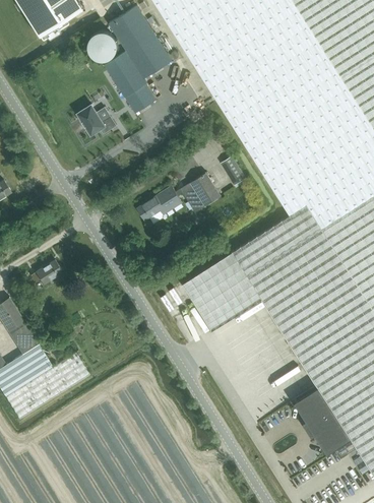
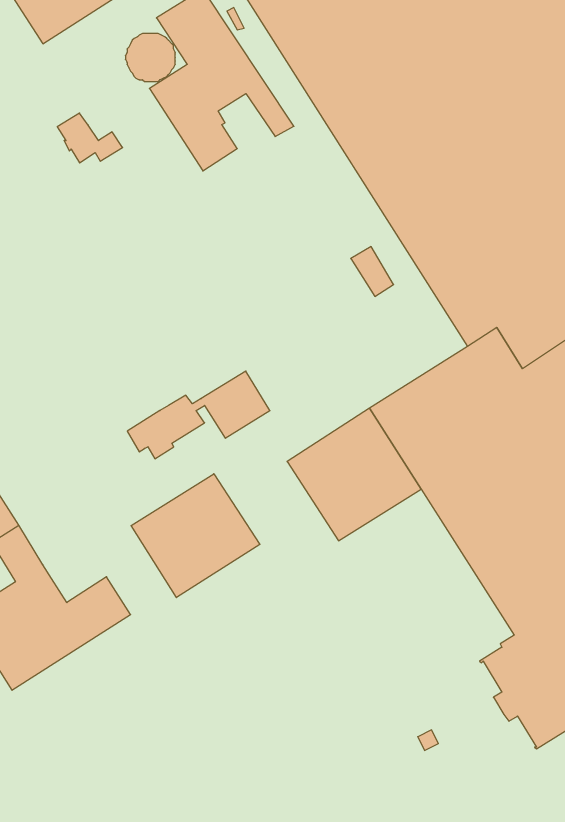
building: [78,105,117,134] -> [57,113,123,163]
building: [137,172,222,224] -> [127,371,270,459]
building: [30,259,63,284] -> none
building: none -> [131,474,260,598]

